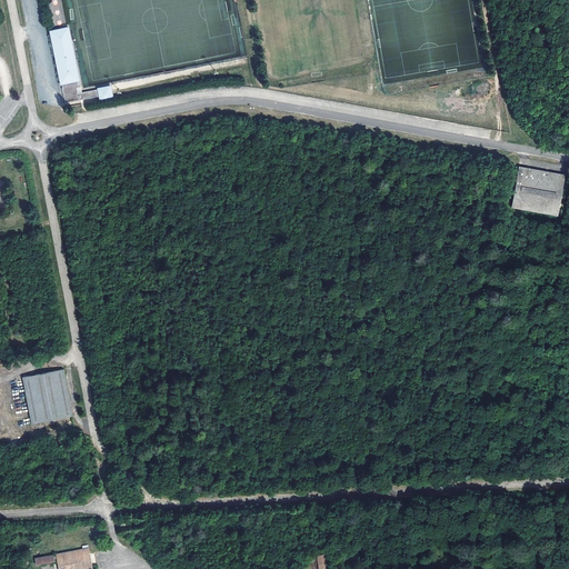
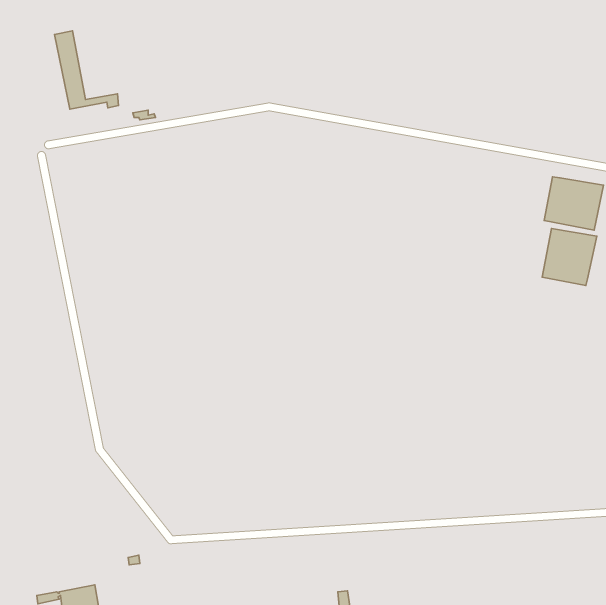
building: none -> [542,228,597,286]
building: [22,369,72,423] -> none

